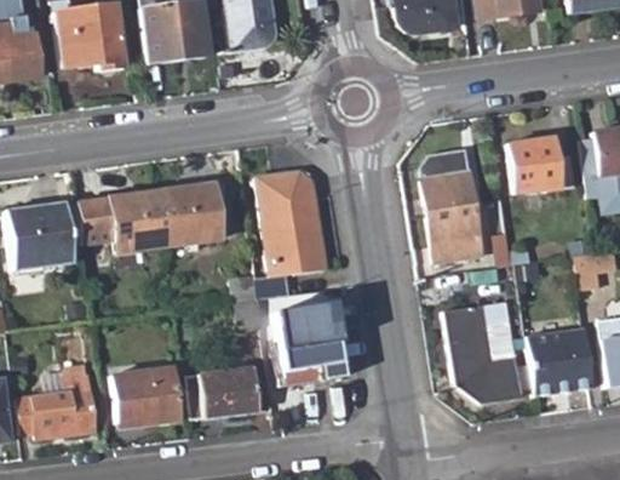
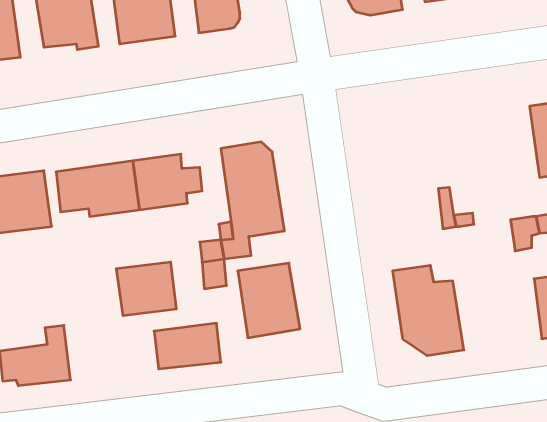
building: [509,137,575,193] -> none
building: [421,148,484,259] -> none
building: [527,326,592,394] -> none
building: [113,367,178,425] -> [116,262,176,316]

